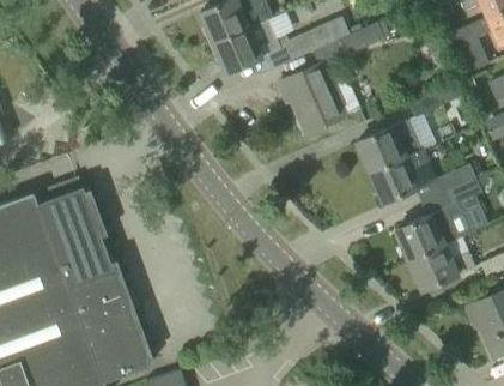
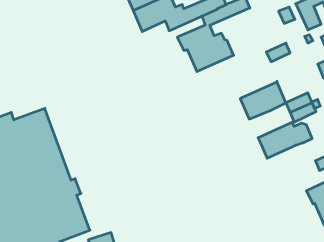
building: [356,122,419,174] -> none
building: [408,242,474,292] -> none

